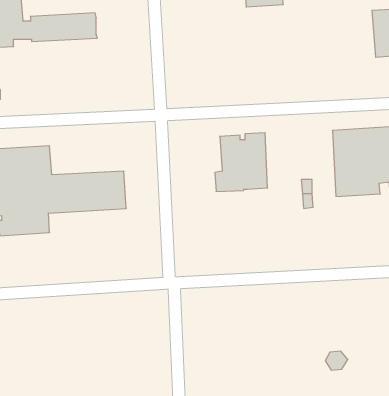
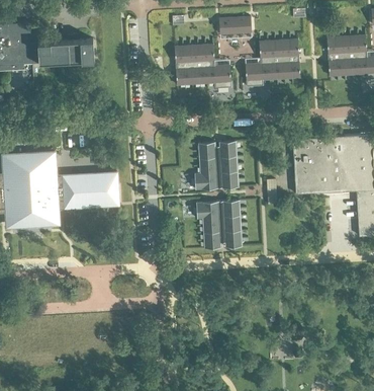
building: none -> [246,40,300,87]
building: none -> [175,45,231,89]
building: none -> [196,201,243,249]

